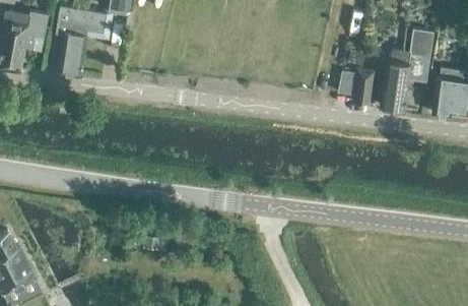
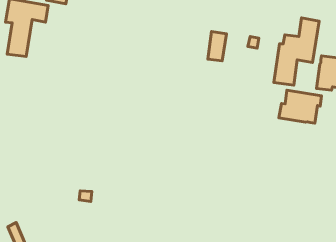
building: [352,69,375,105] -> [208,31,226,61]
building: none -> [279,90,322,123]

